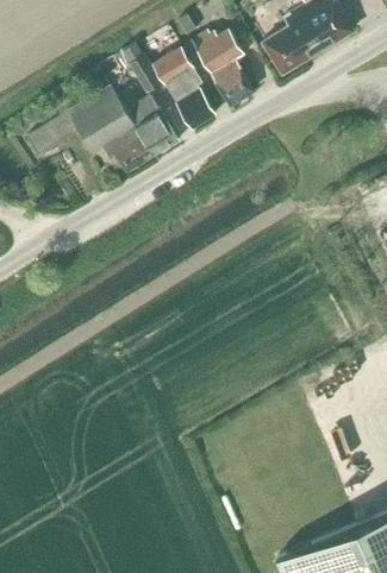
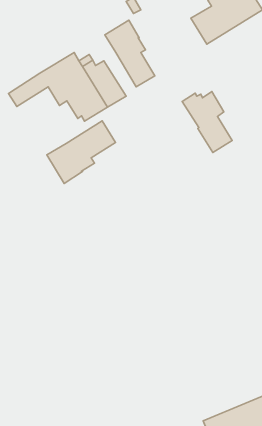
building: [191,30,255,108] -> [182,91,232,153]
building: [129,55,163,95] -> none
building: none -> [47,121,116,183]

